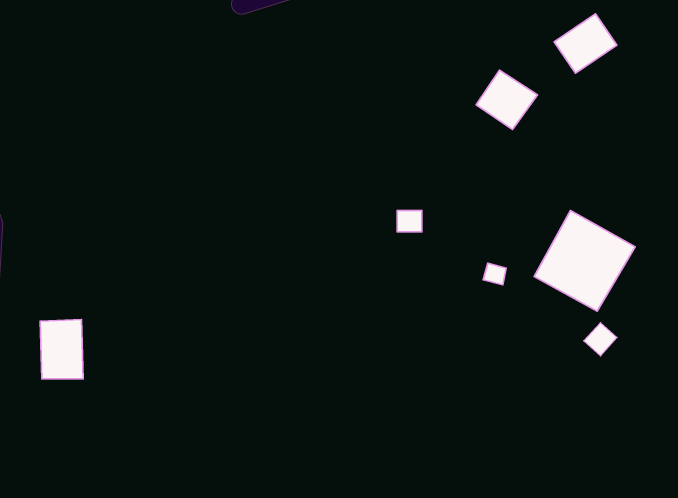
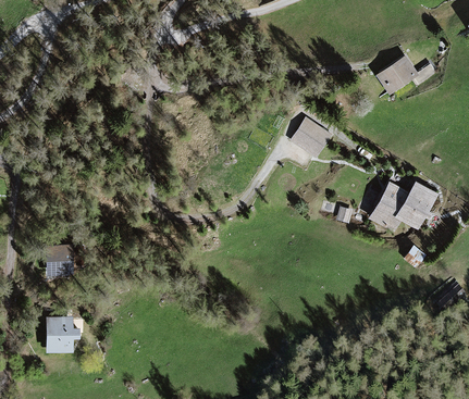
building: [476,70,537,130] -> [289,120,330,159]
building: none -> [46,320,77,356]

